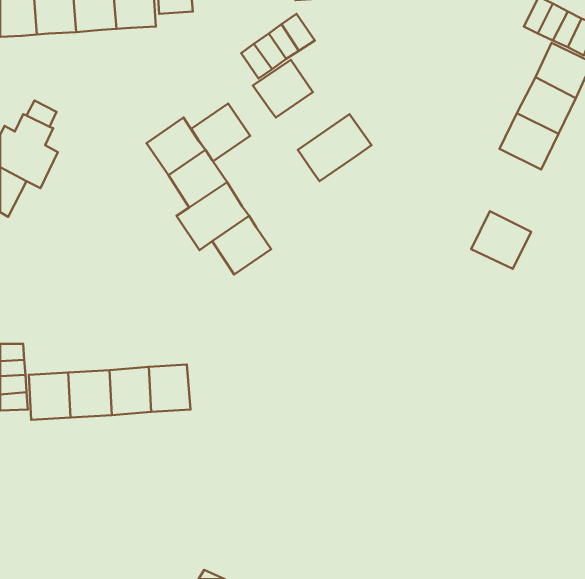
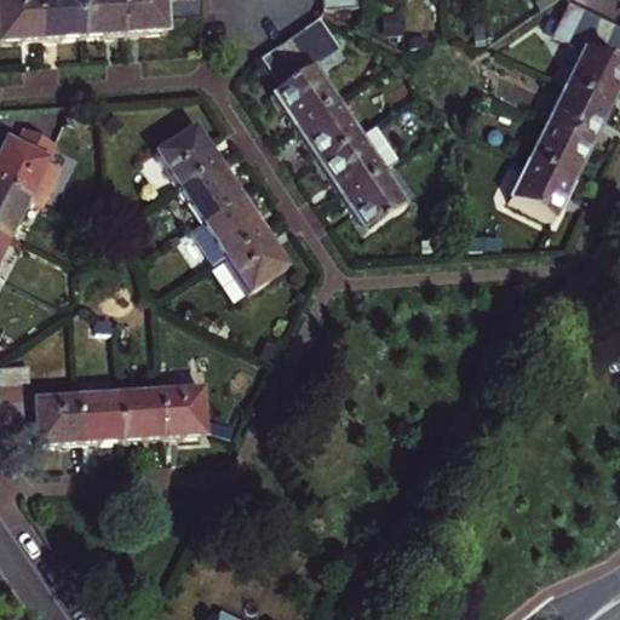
building: [191,104,250,161] -> [294,97,356,157]
building: none -> [340,163,403,225]
building: [471,211,531,269] -> [510,156,573,217]

